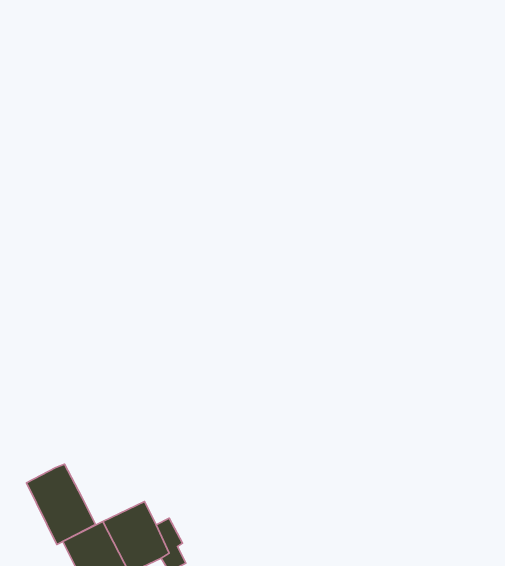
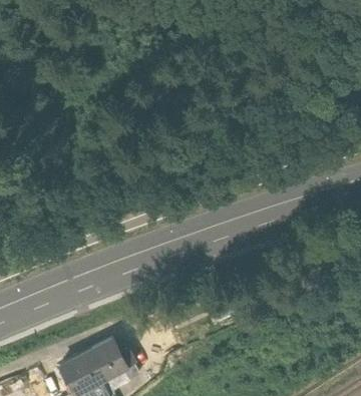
building: [27,464,95,545] -> none

